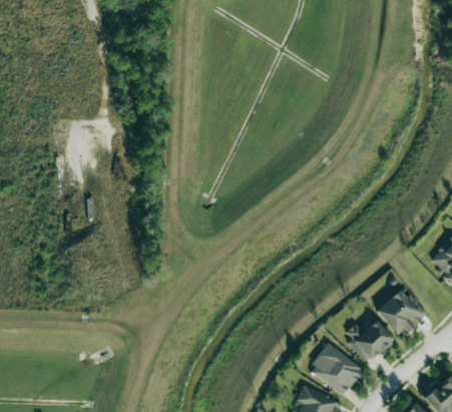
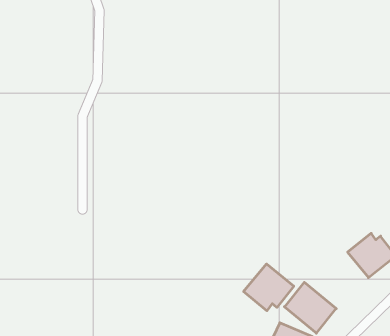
building: [343,319,394,363] -> none
building: none -> [244,264,294,311]

